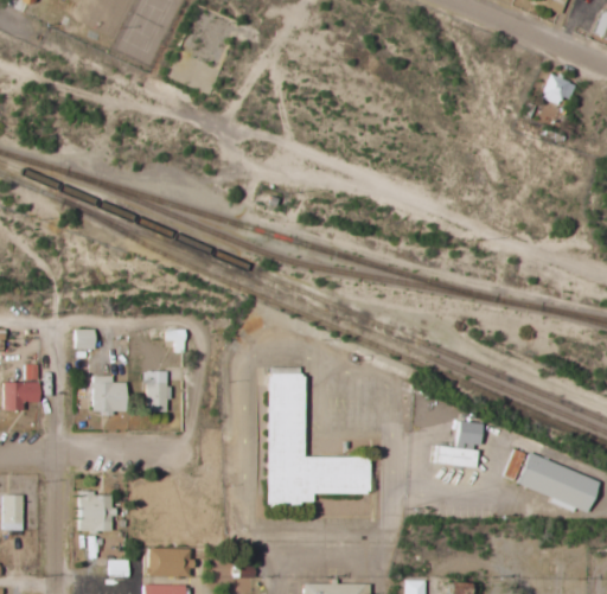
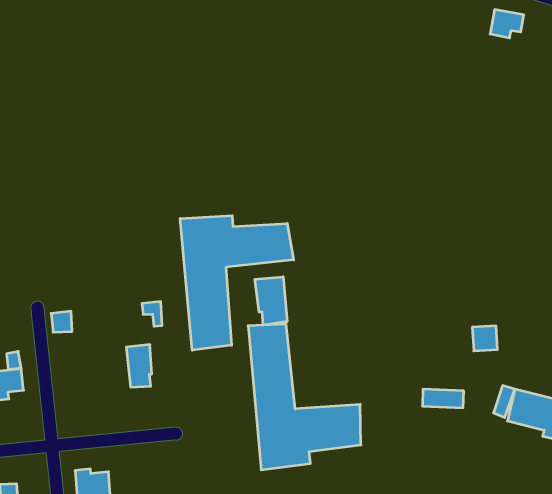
building: none -> [180,216,294,350]
building: none -> [255,277,287,325]
building: [92,376,126,414] -> none
building: [456,422,481,447] -> [472,326,497,351]

